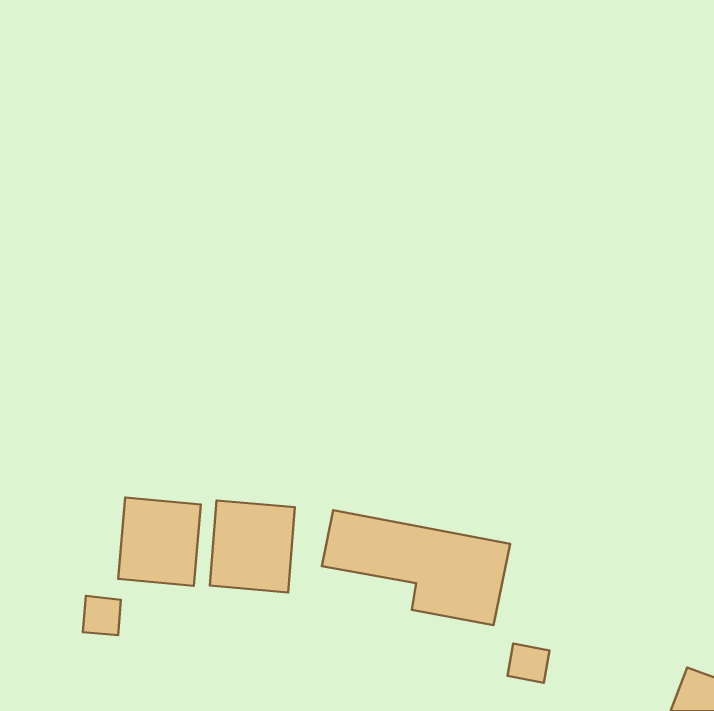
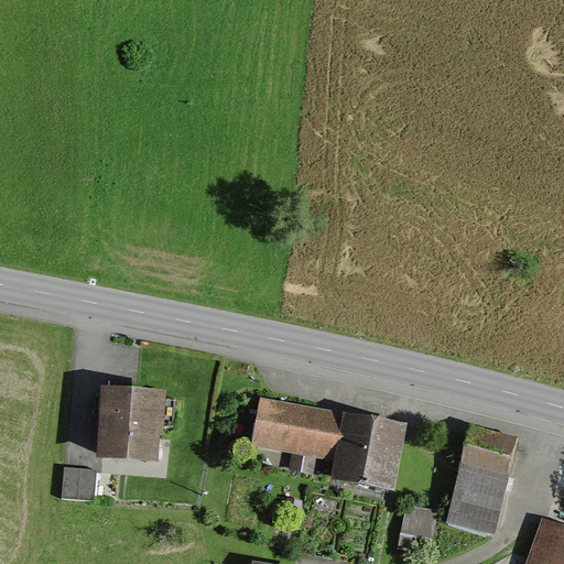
building: [210,501,295,592] -> none
building: none -> [446,433,513,533]

